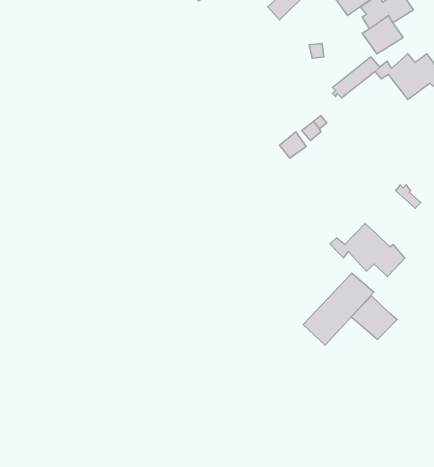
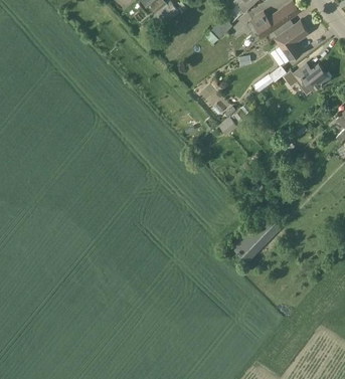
building: [330,224,405,277] -> none
building: [351,295,397,339] -> none

